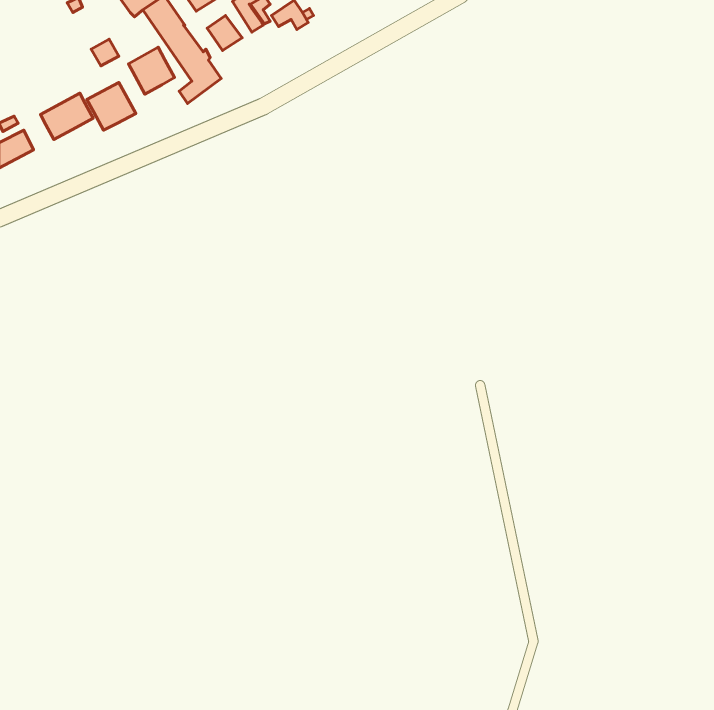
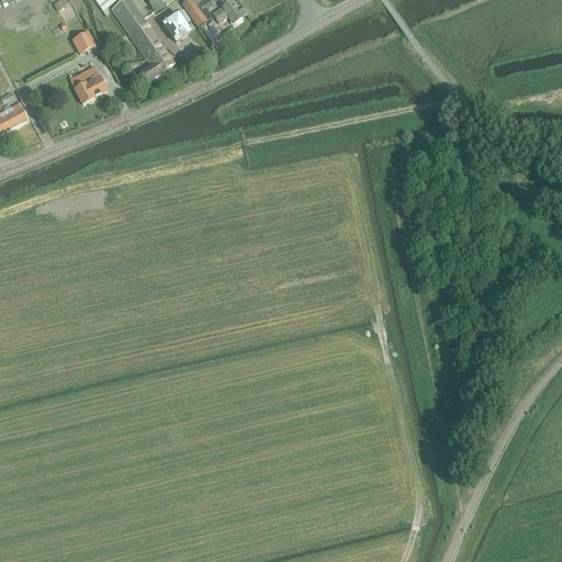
building: [129,47,174,94] -> none
building: [41,93,93,140] -> none

